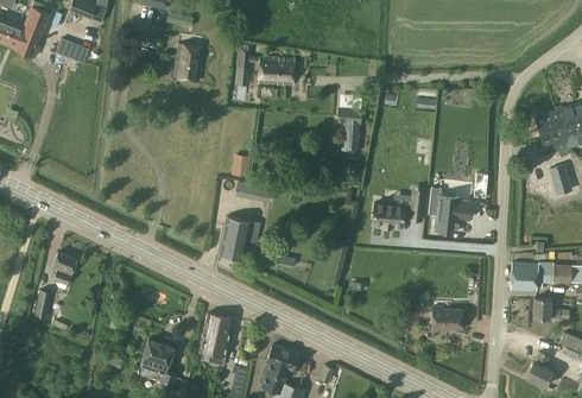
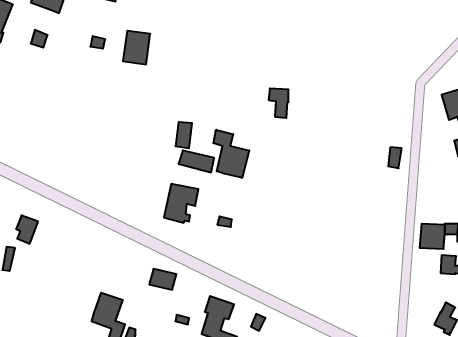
building: [236,44,293,84] -> none
building: none -> [213,130,249,178]
building: [428,187,470,232] -> none
building: [372,202,422,227] -> none
building: [432,309,461,330] -> none
building: [200,330,229,365] -> none

